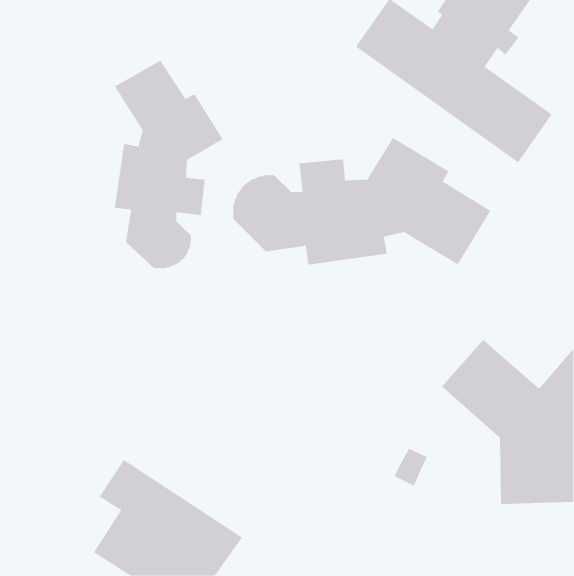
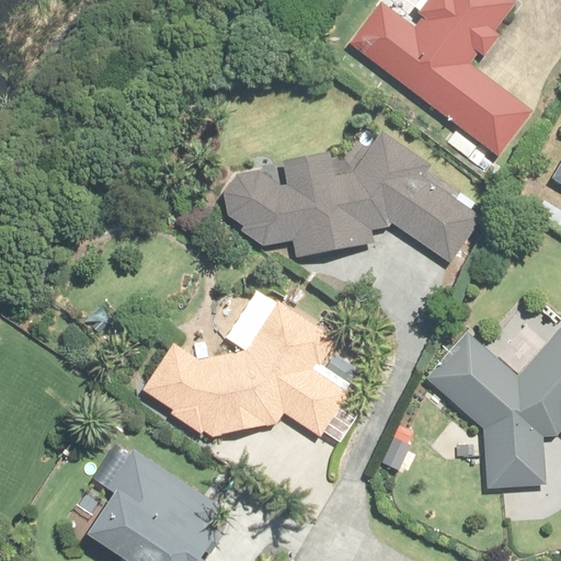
building: [114,60,223,269] -> none
building: none -> [144,289,352,438]

